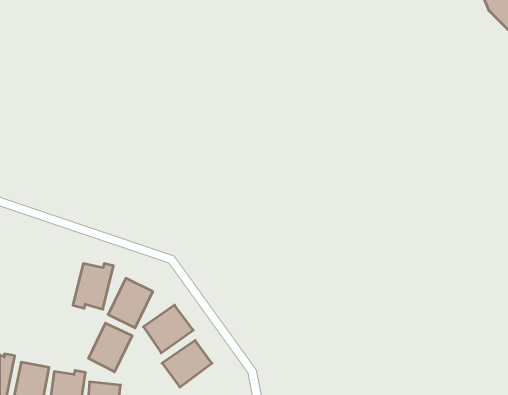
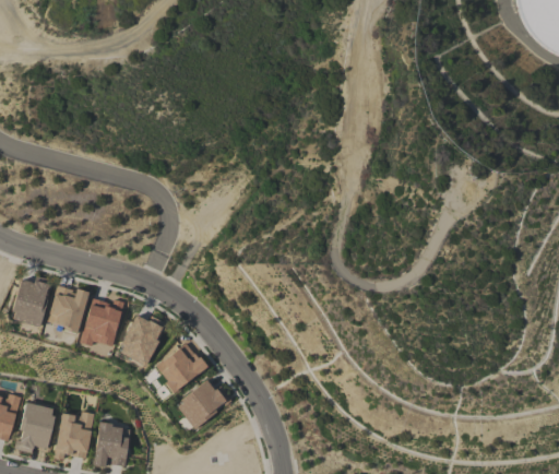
building: none -> [11,277,50,328]
building: none -> [48,285,88,331]
building: [89,323,132,372] -> none

